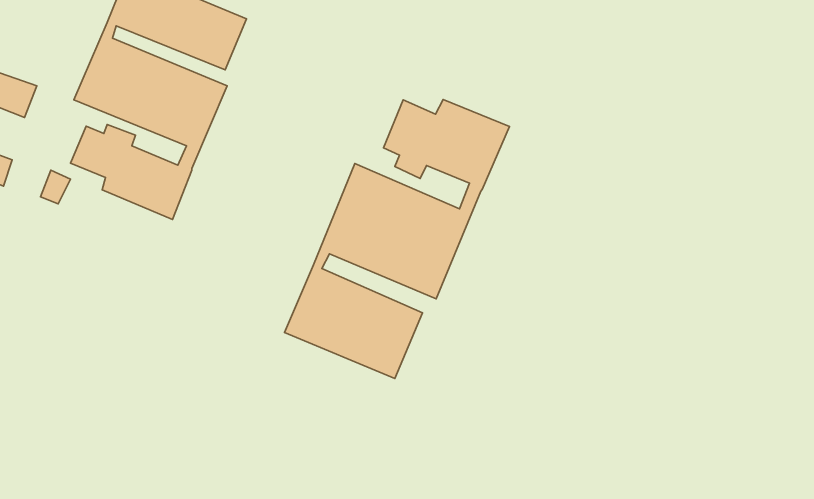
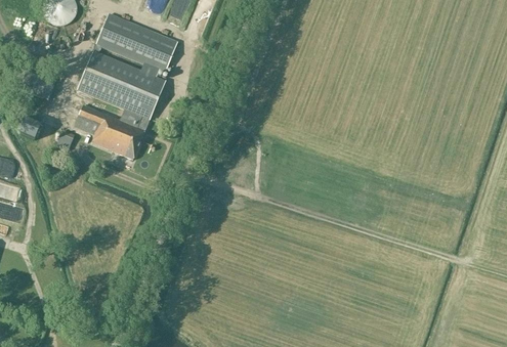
building: [284,99,510,379] -> none

